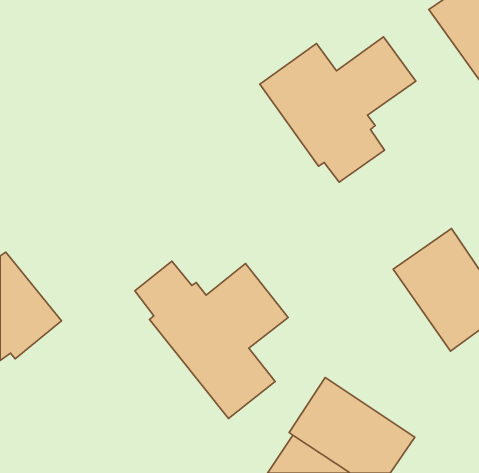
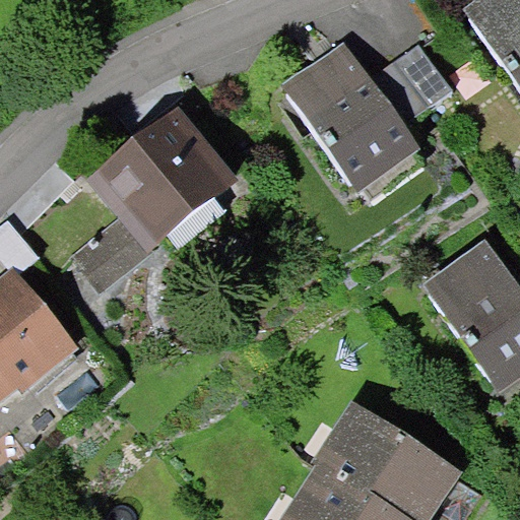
building: none -> [74,117,225,283]
building: [135,261,288,418] -> none

